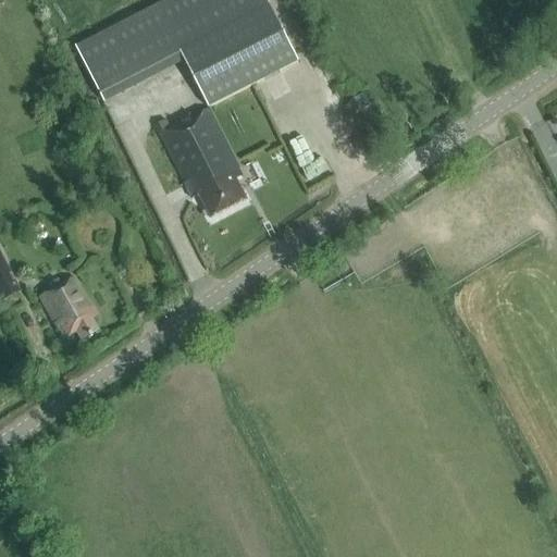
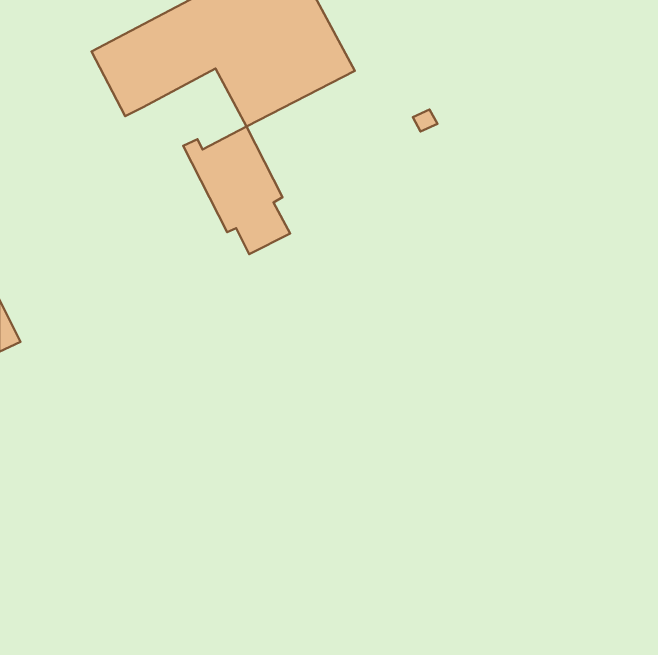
building: [38,276,96,339] -> none

